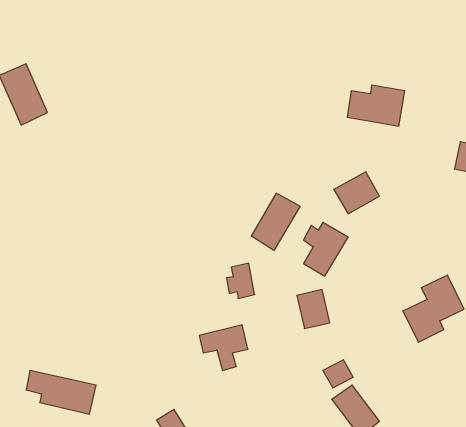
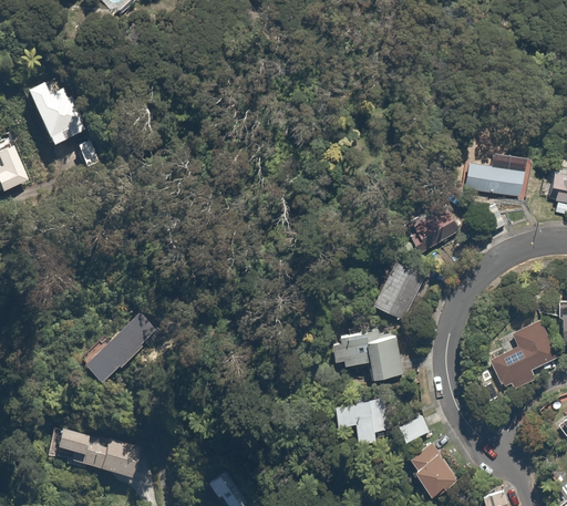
building: [347,85,405,126] -> [467,155,533,202]
building: [251,193,300,250] -> none
building: [226,263,255,298] -> [333,330,365,370]
building: none -> [80,312,156,381]
building: [199,325,248,370] -> [340,399,395,451]

